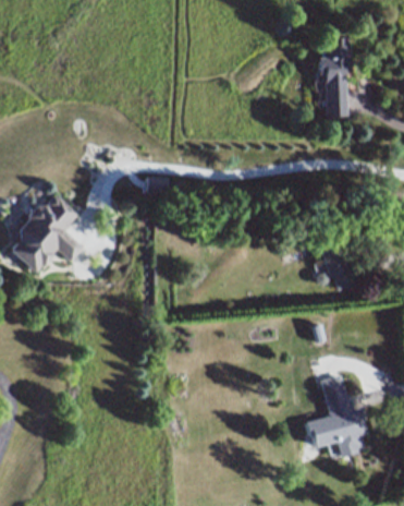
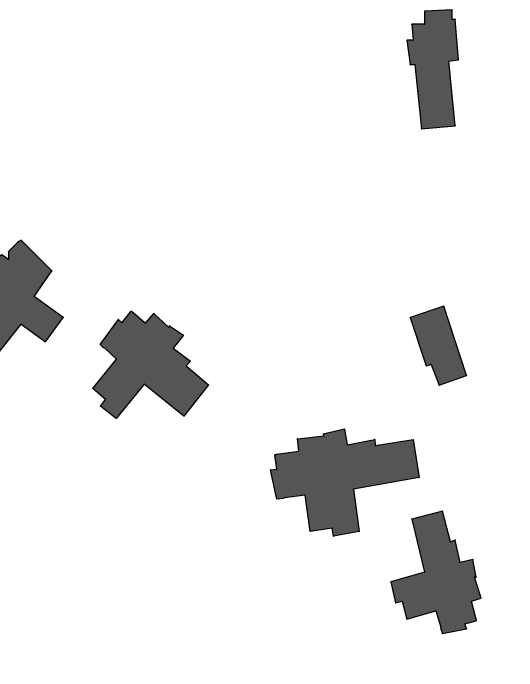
building: none -> [93,311,209,418]
building: none -> [271,429,419,536]

